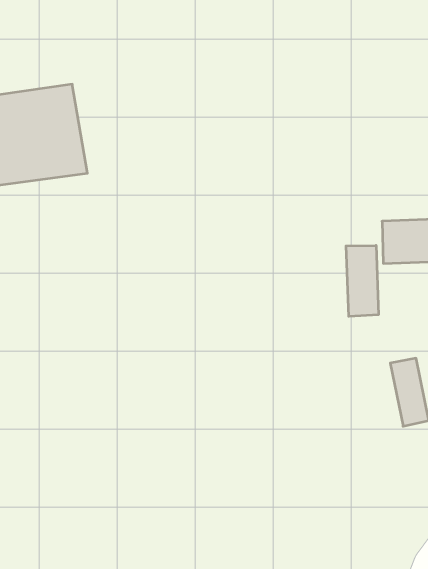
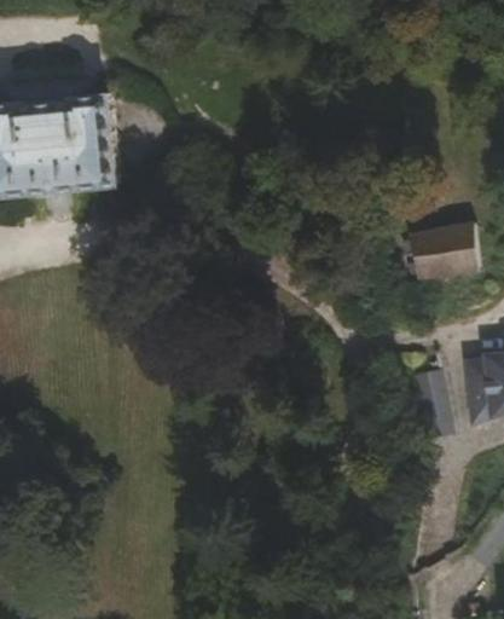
building: [346,245,378,316] -> none

